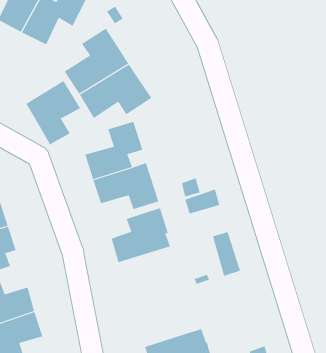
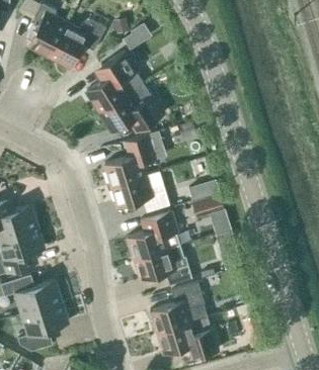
building: [26,80,81,145] -> none
building: none -> [134,245,192,285]
building: none -> [150,282,208,333]

